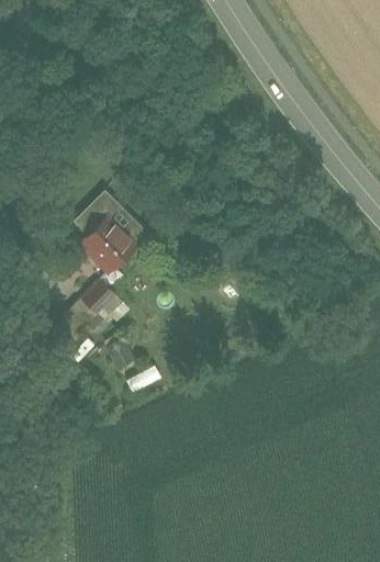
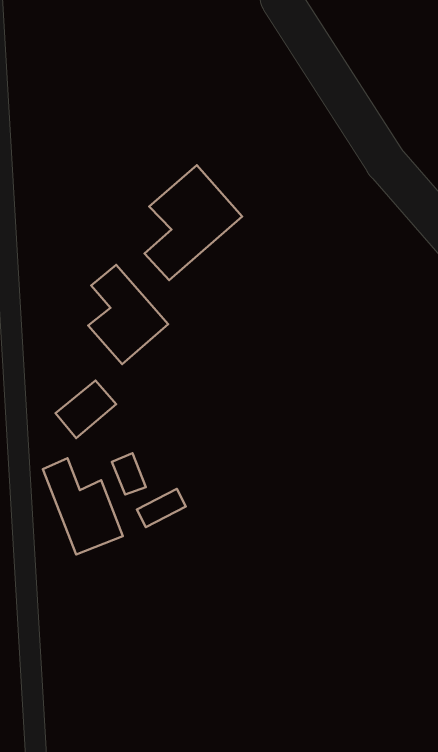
building: none -> [144,165,242,280]
building: none -> [43,458,123,555]

